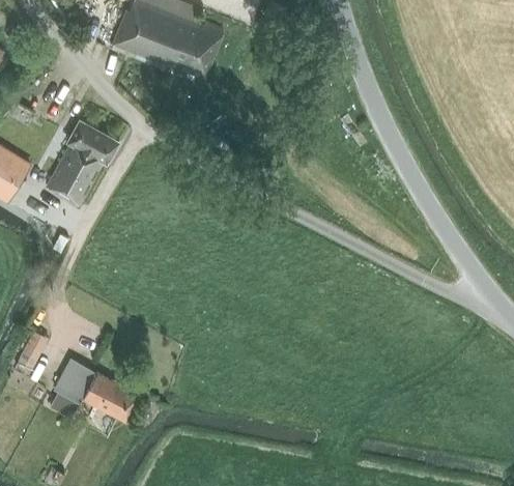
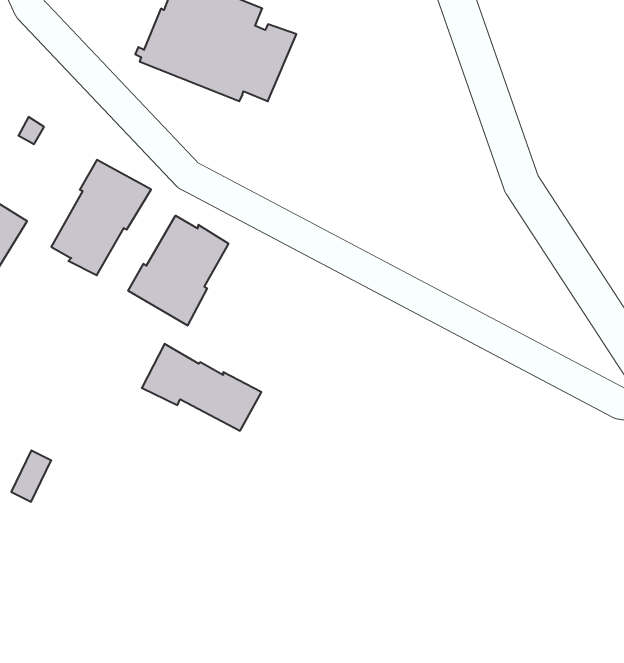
building: none -> [128,216,228,326]
building: [54,358,141,421] -> [142,344,261,431]

